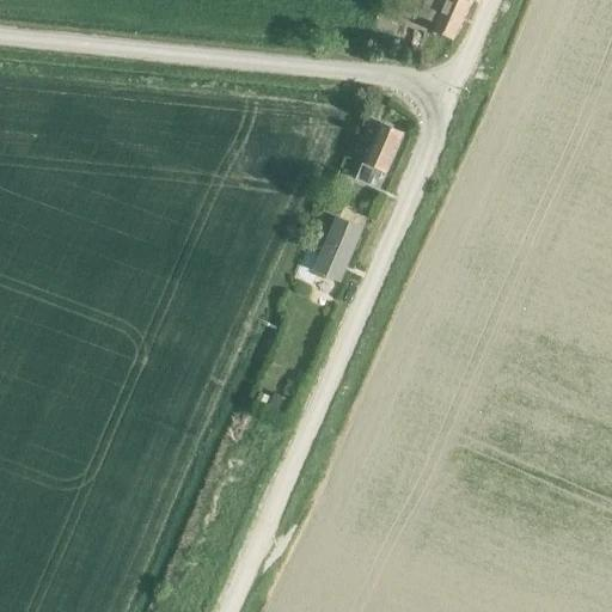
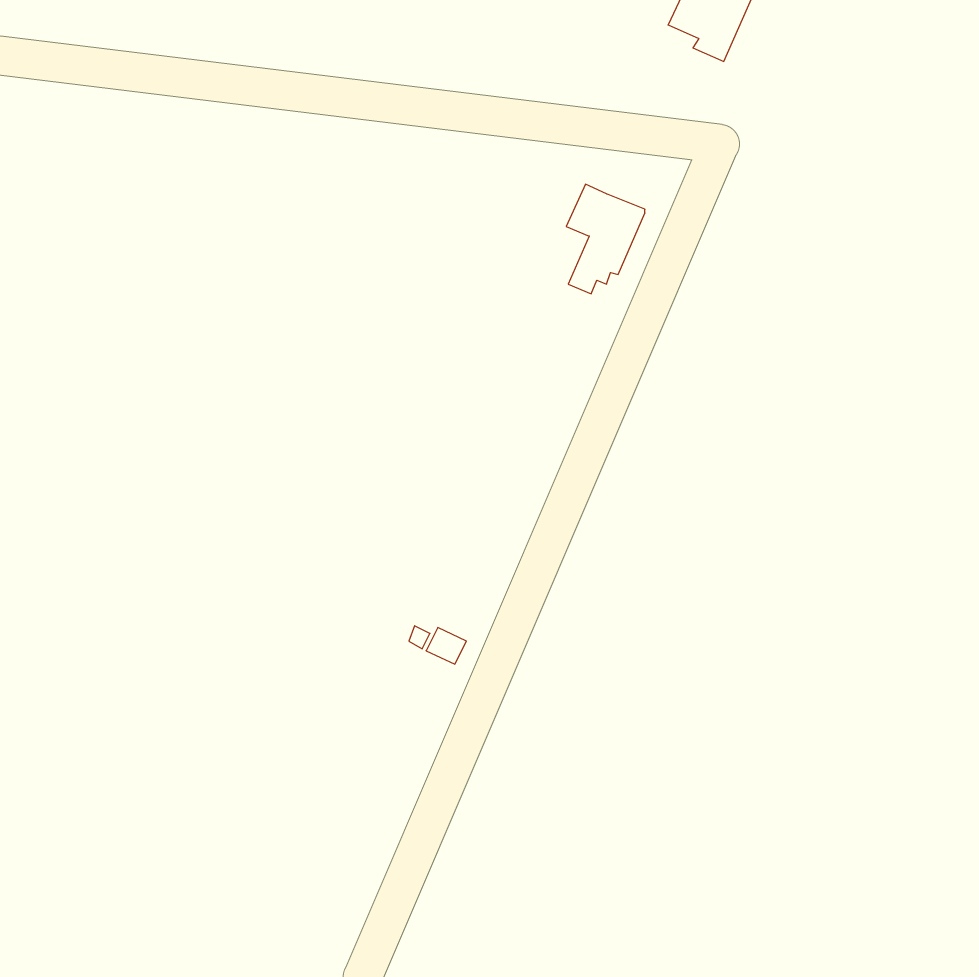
building: [312,196,361,281] -> none

